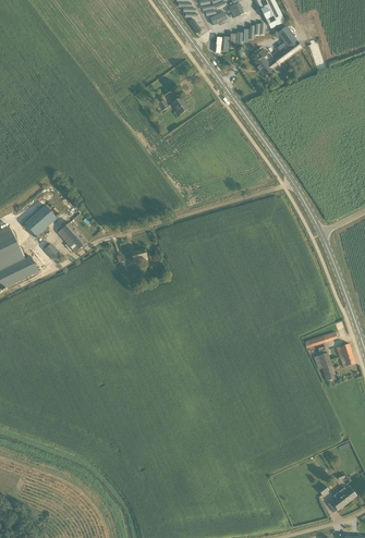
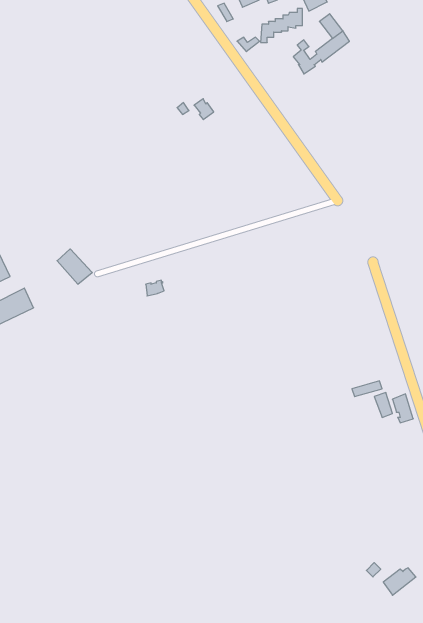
building: [23,203,56,234] -> none

